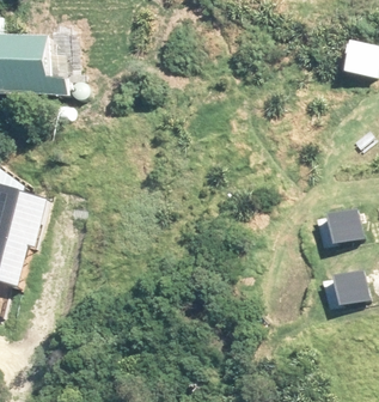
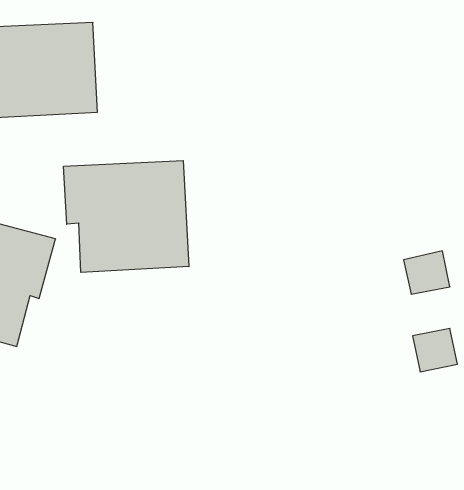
building: none -> [64,161,189,272]

